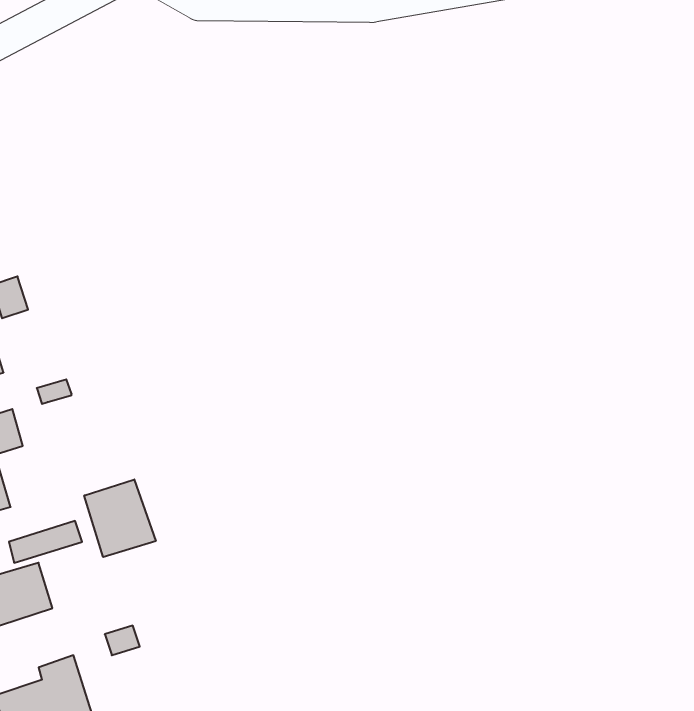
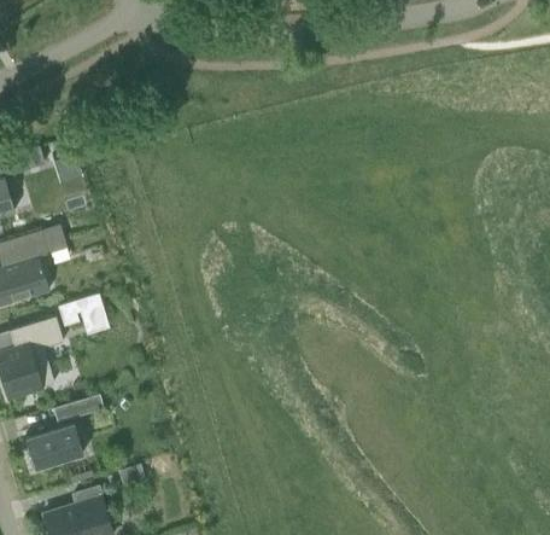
building: [84,479,156,557] -> none

